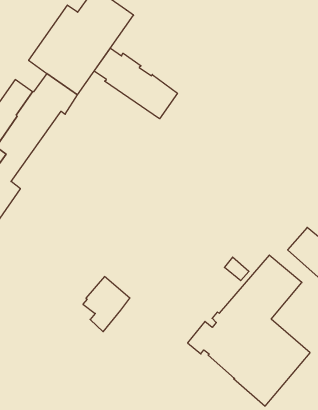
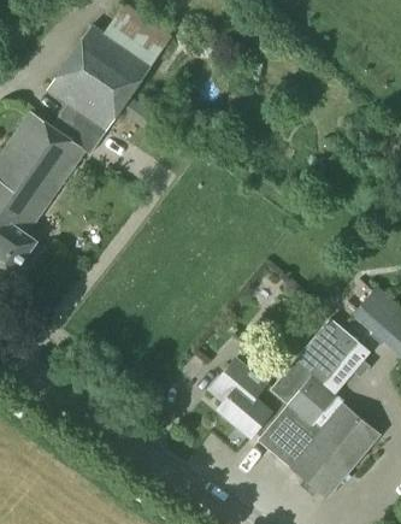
building: [94,48,177,119] -> none
building: [83,277,130,332] -> [210,359,265,424]

